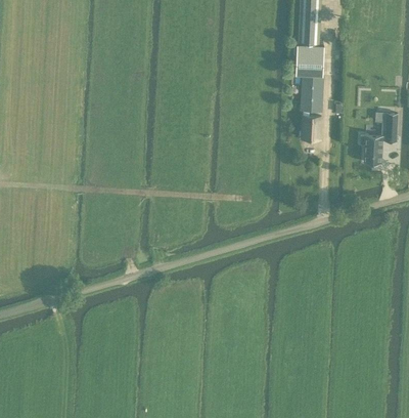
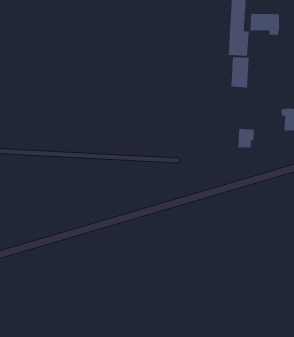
building: none -> [250,13,280,36]
building: [300,116,320,139] -> [238,128,255,148]

